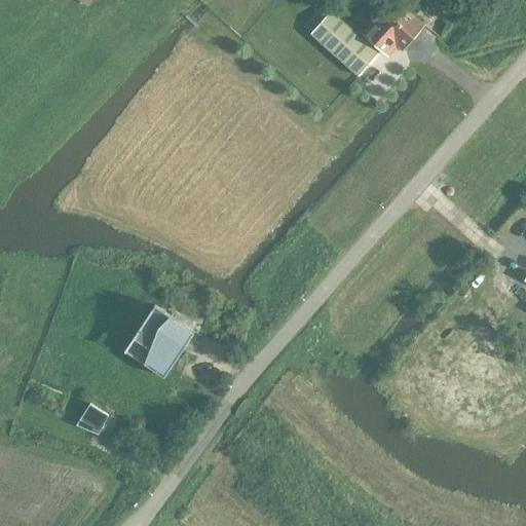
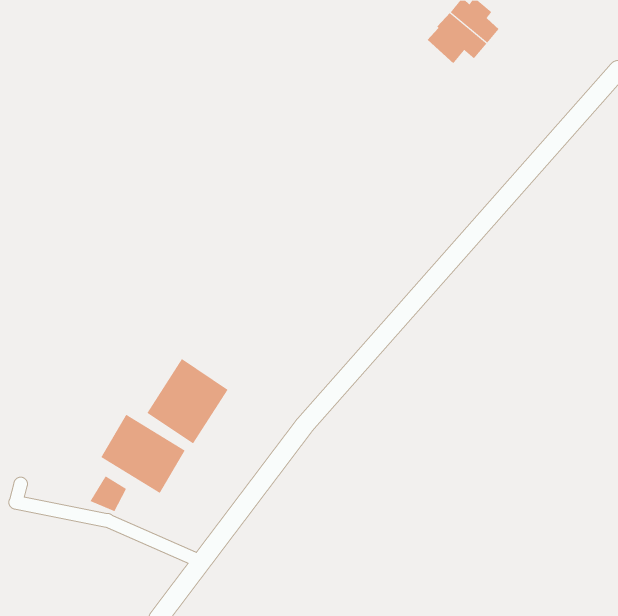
building: [310,11,378,77] -> none
building: none -> [101,414,186,494]

